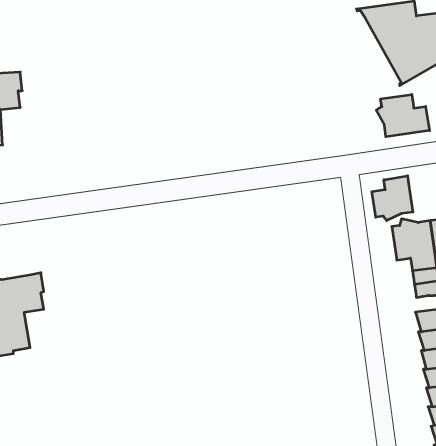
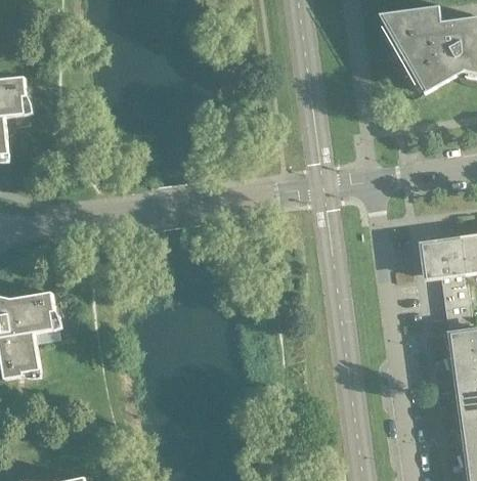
building: [376,94,430,137] -> none
building: [372,176,413,221] -> none

